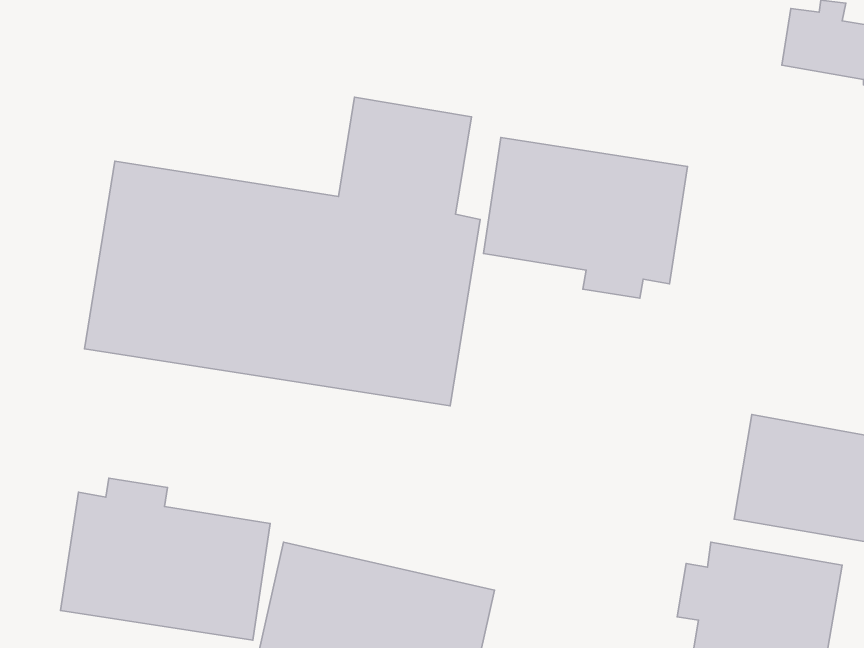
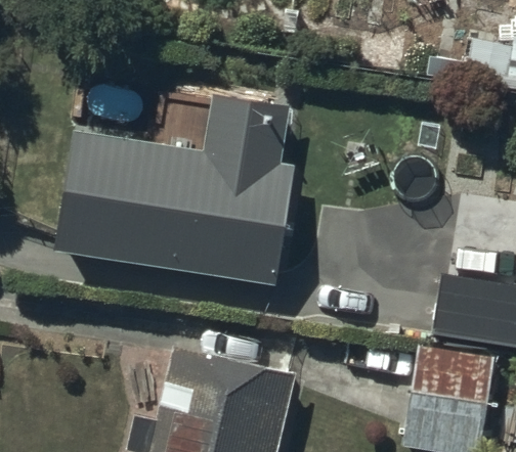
building: [484,137,687,298] -> none
building: [60,478,270,640] -> none

